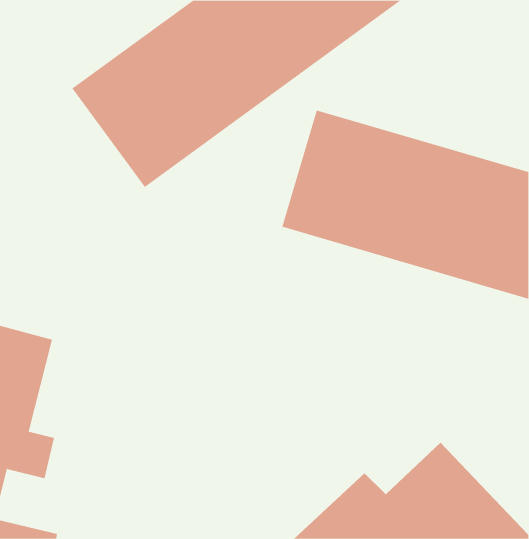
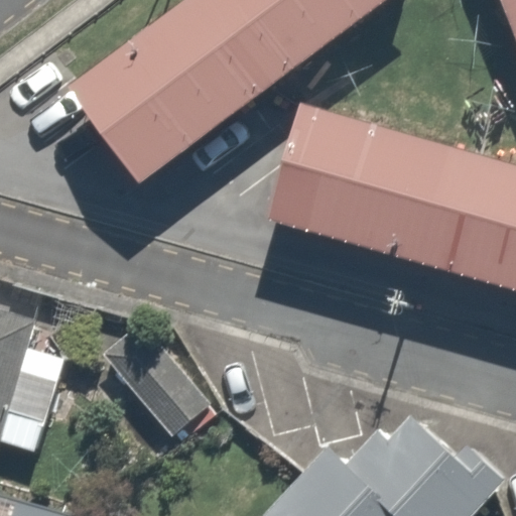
building: none -> [111,327,226,454]

